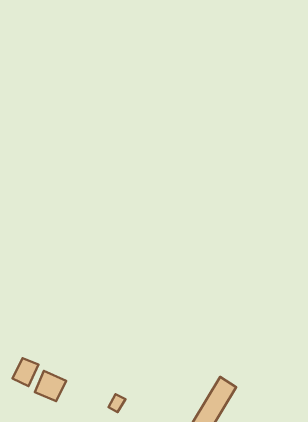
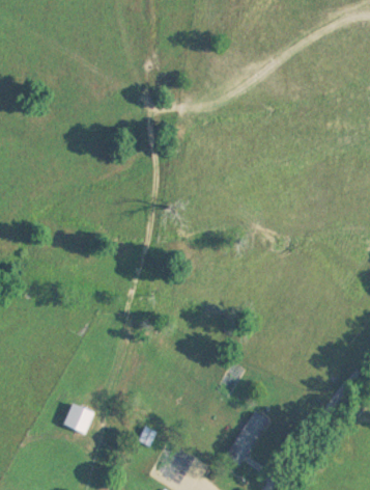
building: [13,358,38,386] -> none

